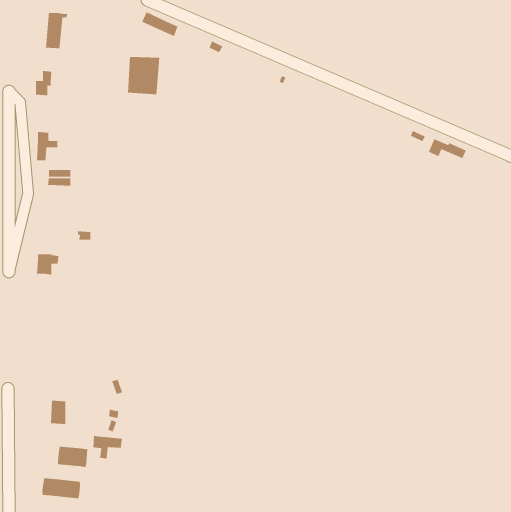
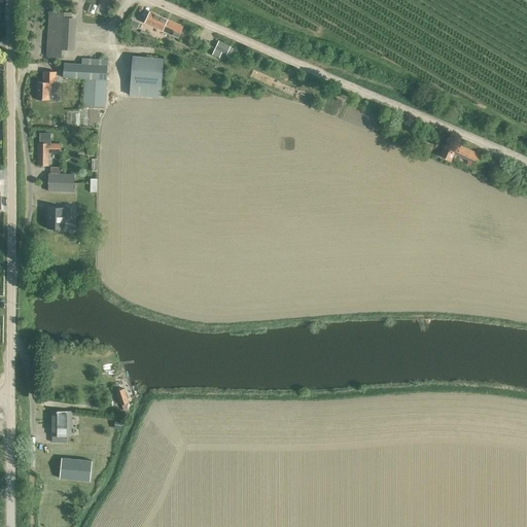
building: none -> [64,59,108,107]
building: [36,253,59,275] -> [46,207,70,230]
building: [93,435,123,459] -> none
building: [42,477,81,499] -> none

